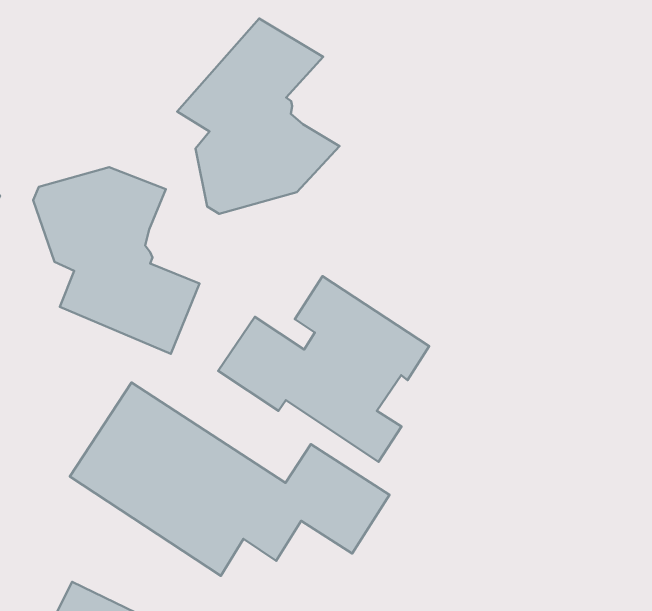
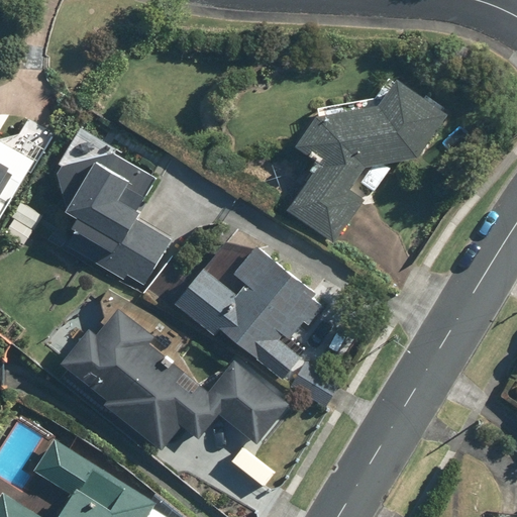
building: [177,19,340,214] -> none
building: none -> [287,80,447,243]

